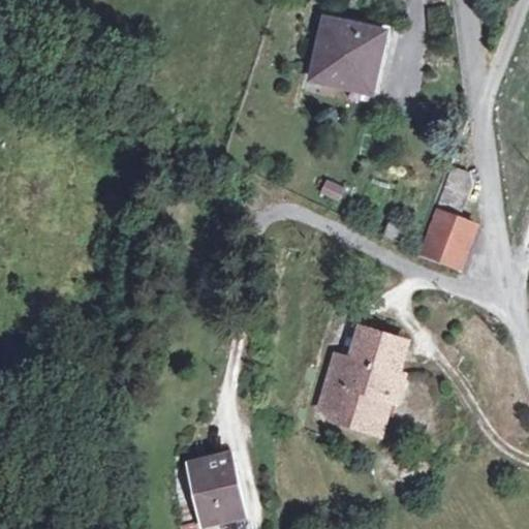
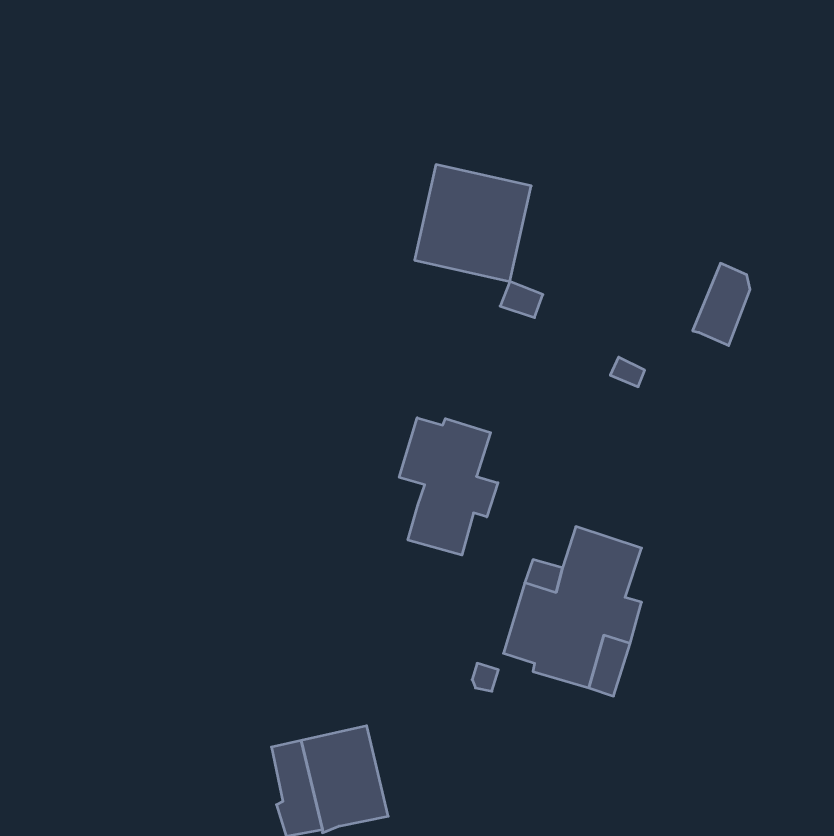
building: [310,18,383,91] -> [415,165,531,281]
building: [422,209,476,270] -> none
building: none -> [399,418,498,555]

